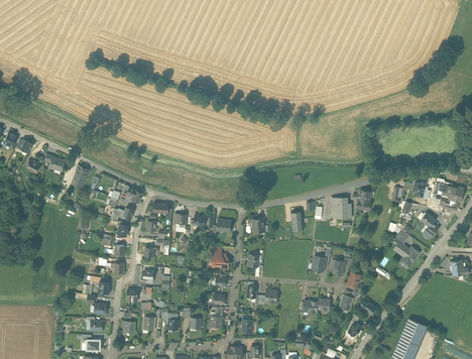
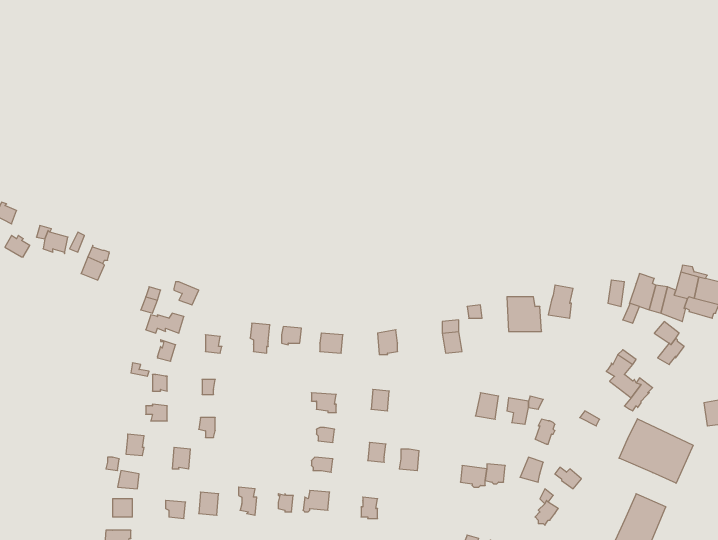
building: none -> [619,419,693,483]

